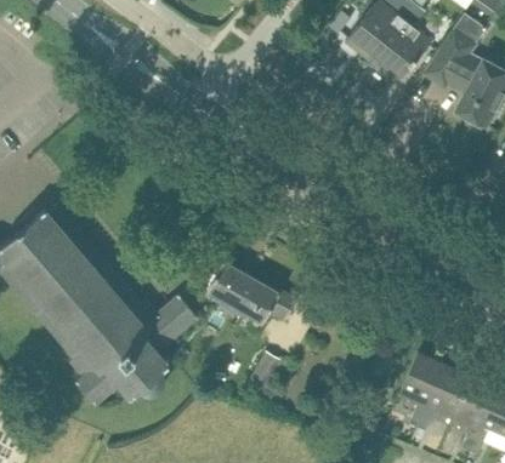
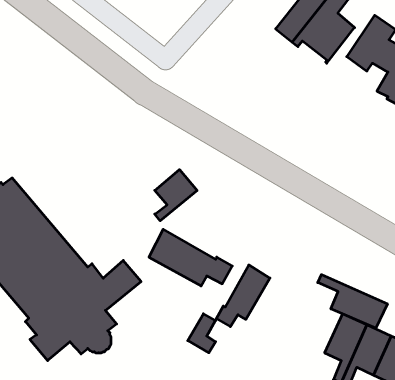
building: none -> [155,170,197,221]
building: none -> [216,265,270,327]
building: none -> [318,275,387,328]

